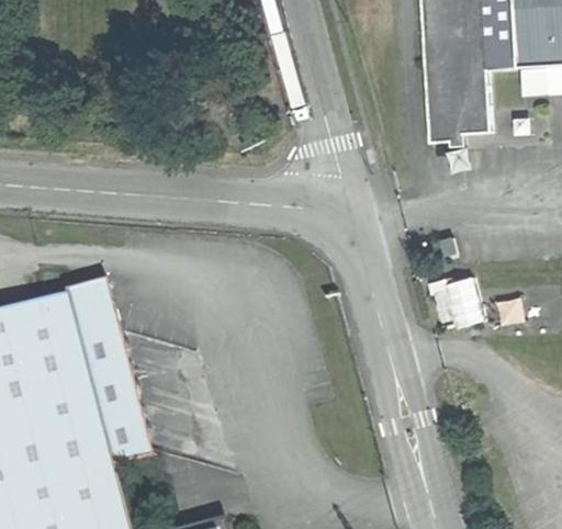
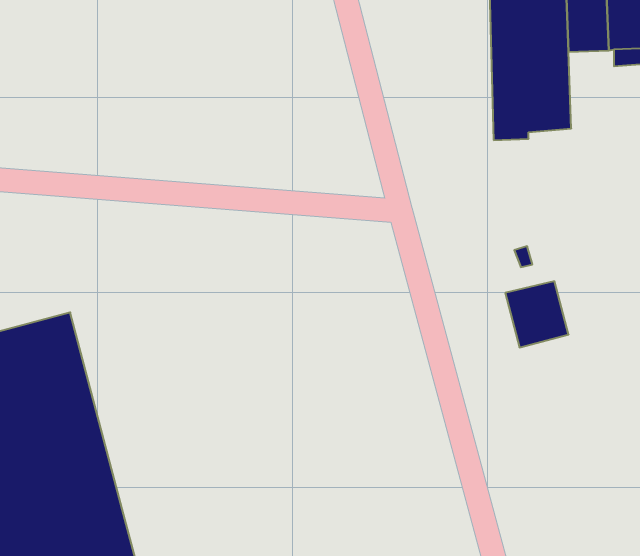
building: [67,284,151,461] -> none

